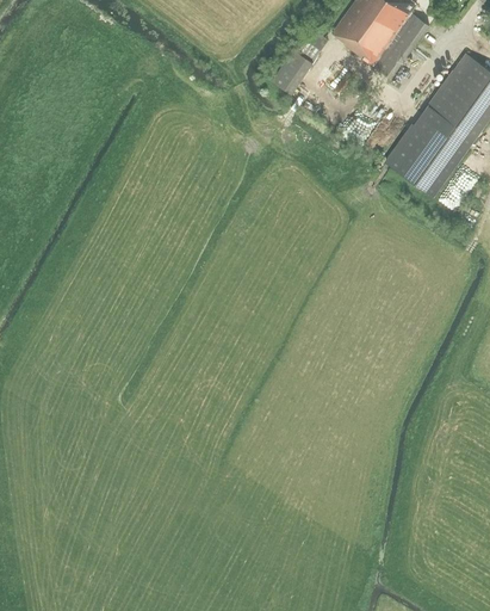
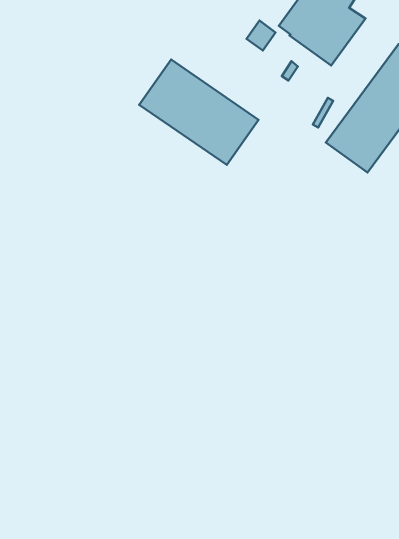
building: [272,49,311,93] -> none
building: none -> [139,60,259,165]

